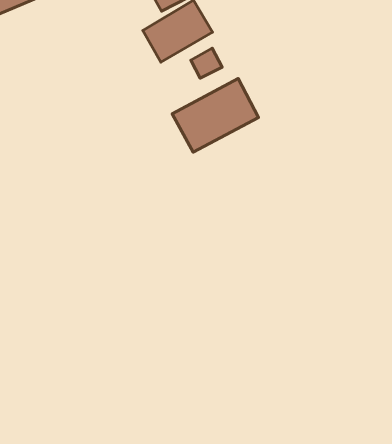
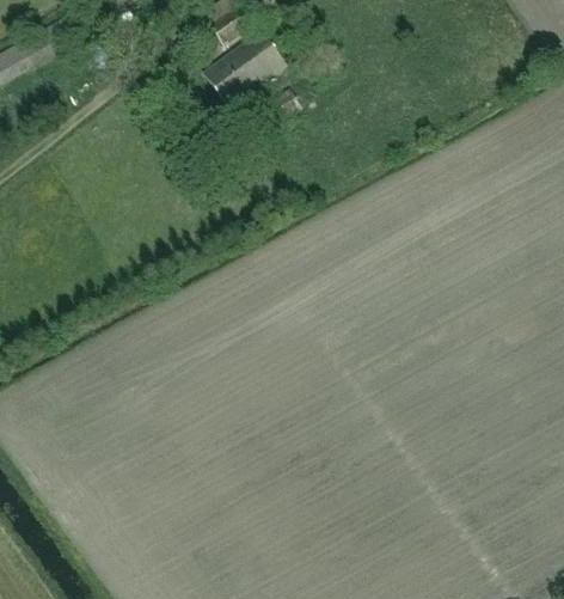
building: [172,78,259,152] -> none

